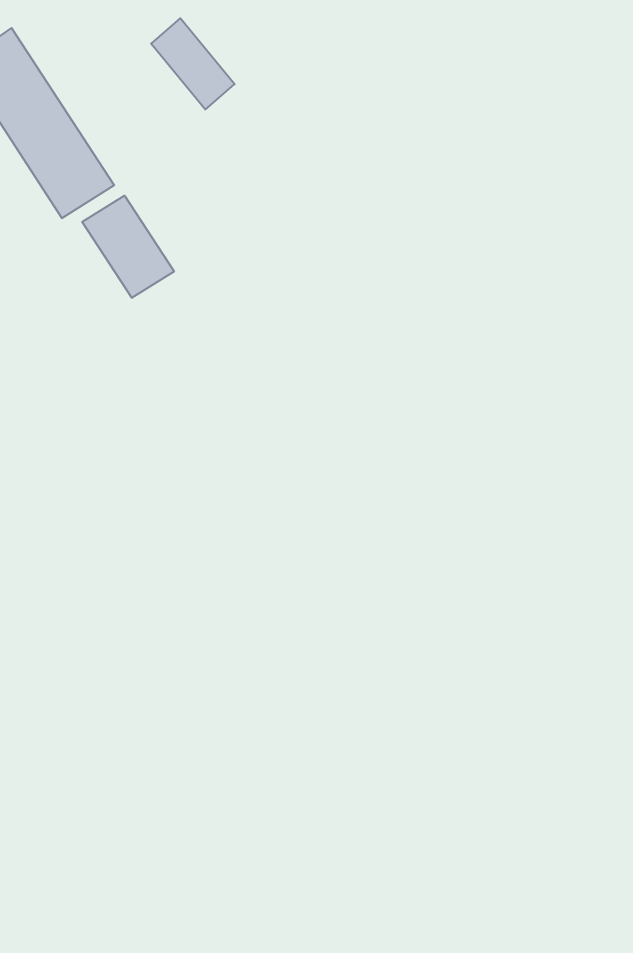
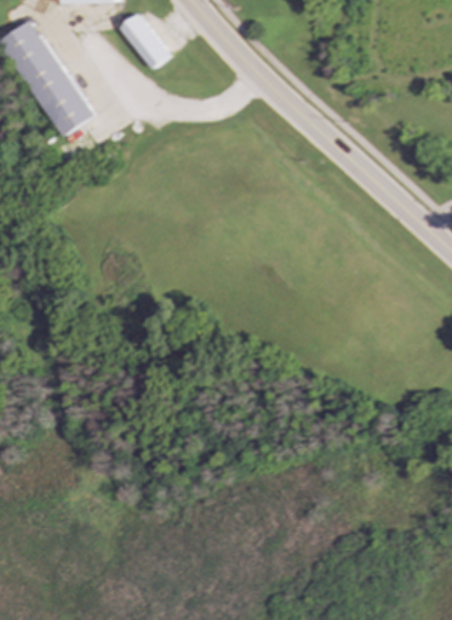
building: [82,196,174,298] -> none

